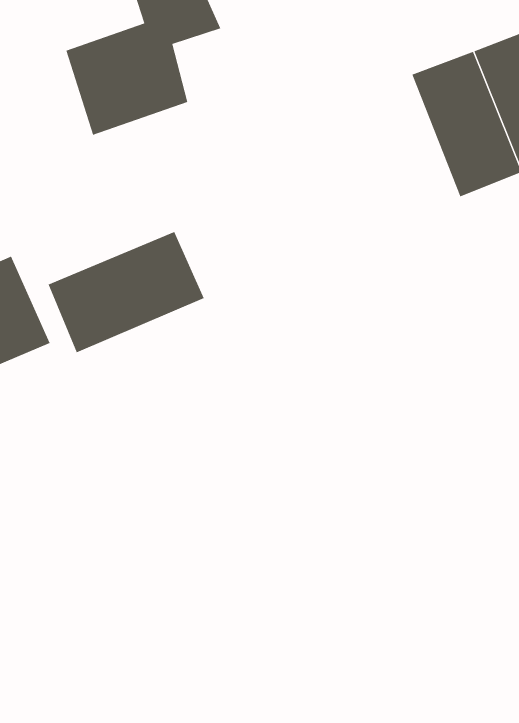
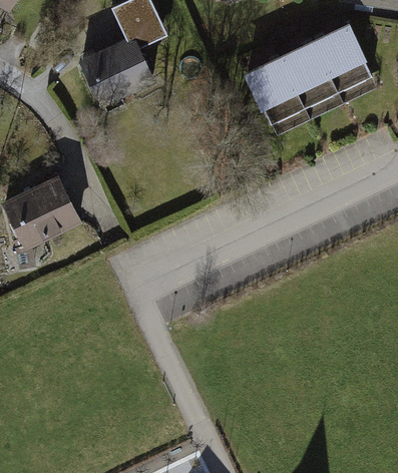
building: none -> [247,55,313,139]
building: [48,231,205,353] -> none

